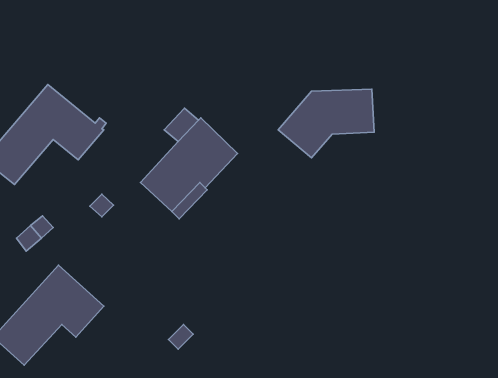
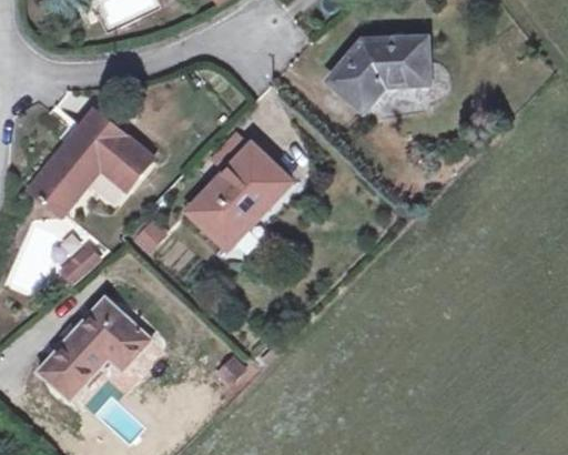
building: [278,89,374,158] -> [329,38,428,109]

